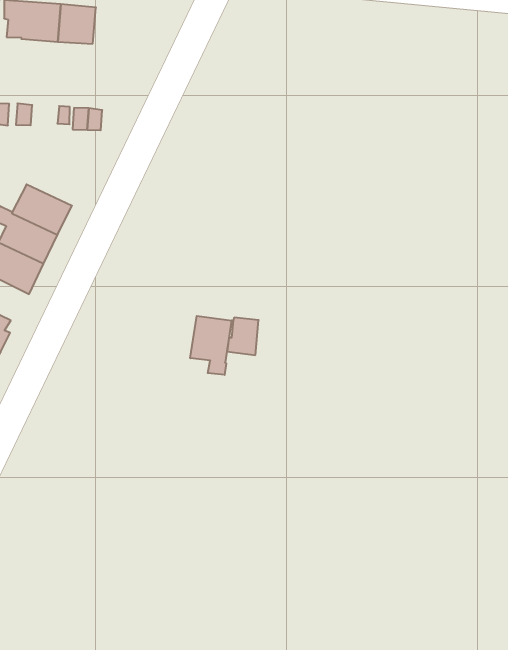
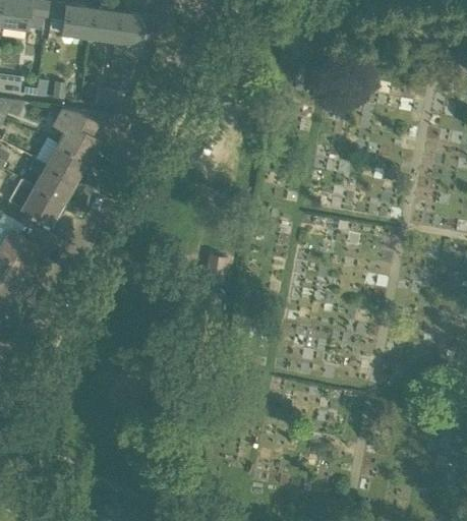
building: none -> [109,12,155,44]
building: none -> [47,108,94,162]
building: [190,316,232,375] -> none

